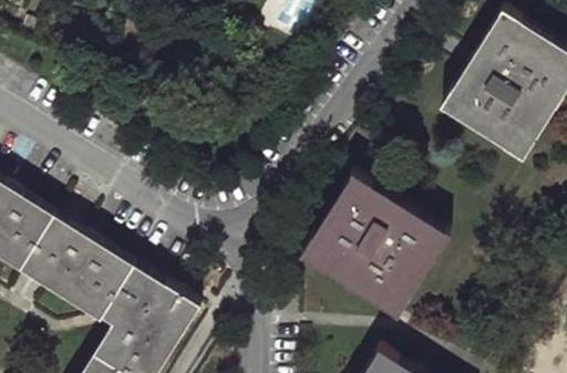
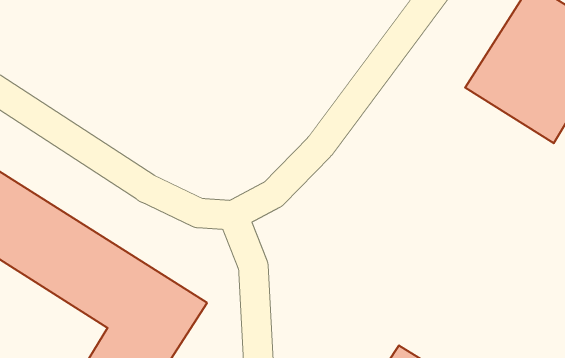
building: [303,170,454,317] -> none

